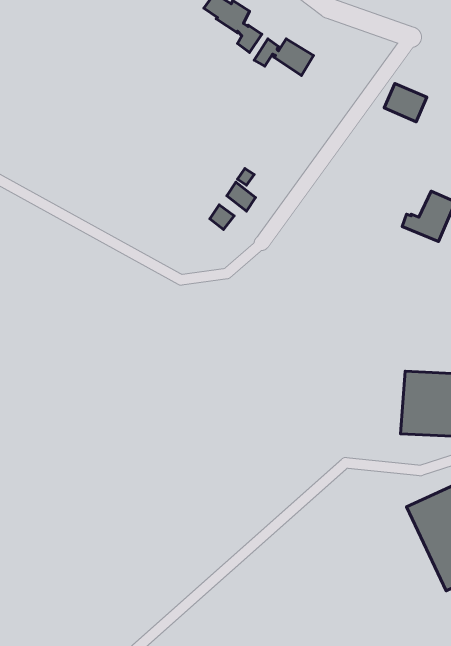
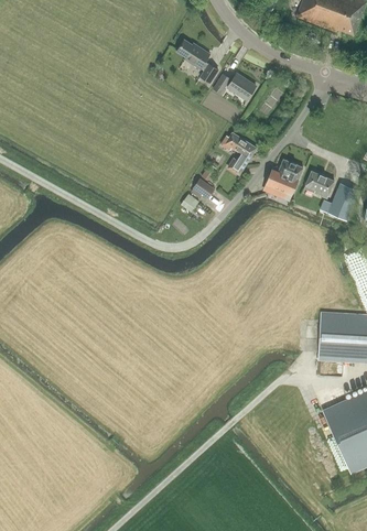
building: [384,84,427,122] -> [303,171,334,198]
building: none -> [220,132,256,175]
building: none -> [266,160,303,195]

